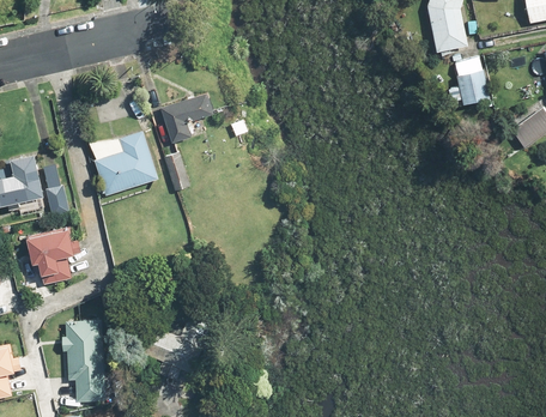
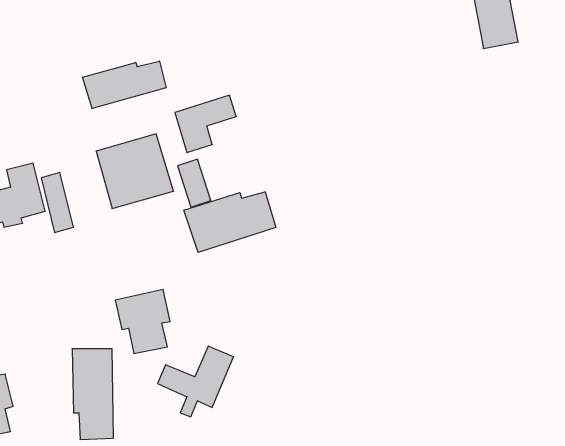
building: [448,59,490,105] -> none
building: none -> [83,61,166,109]
building: none -> [184,192,276,252]
building: [25,228,74,285] -> [115,290,170,354]

